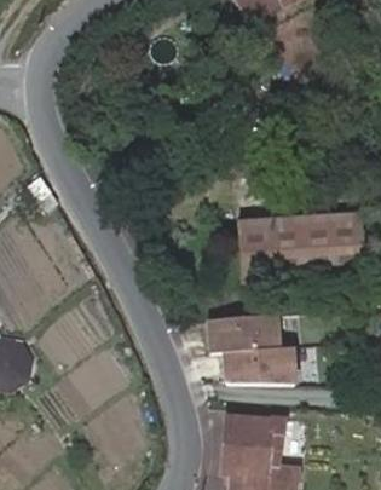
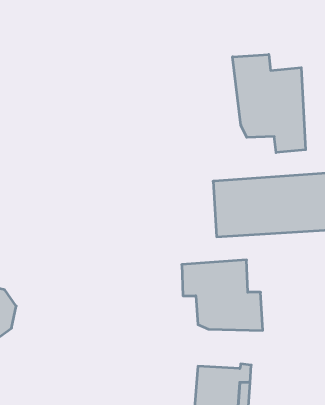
building: none -> [233,54,306,153]

